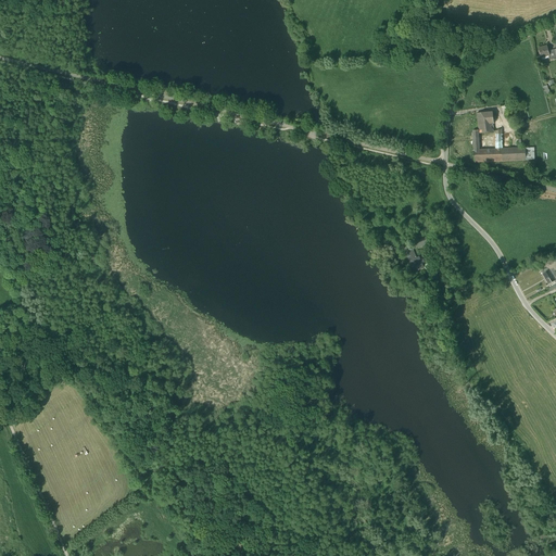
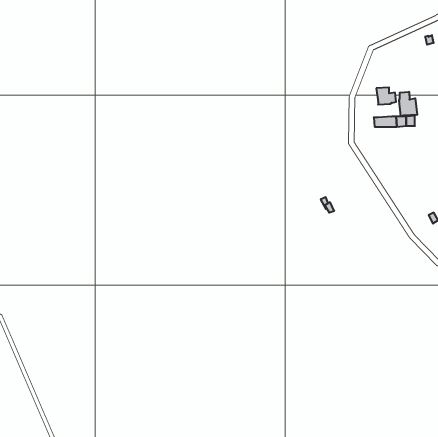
building: none -> [399,92,417,116]

